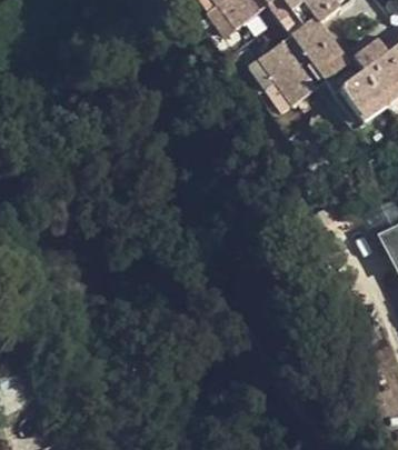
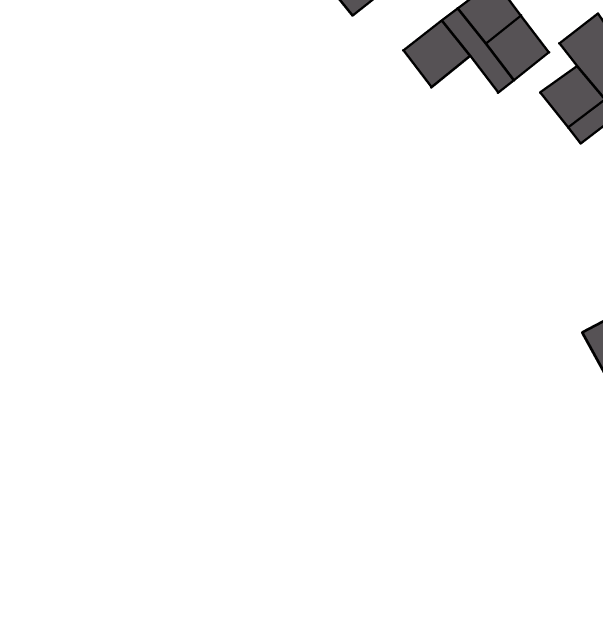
building: [276,61,318,104] -> none

